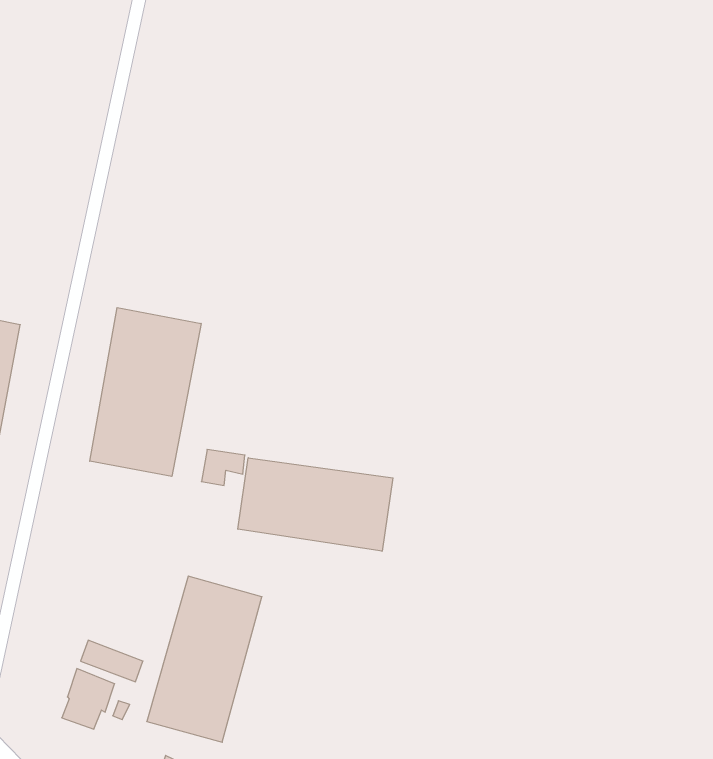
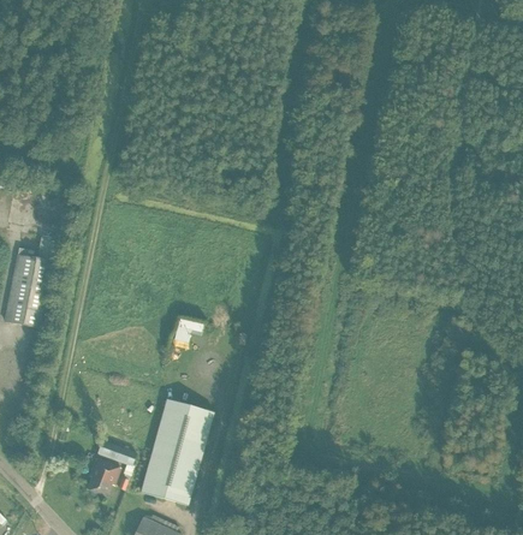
building: [90,308,201,476] -> none
building: [238,458,393,551] -> none

